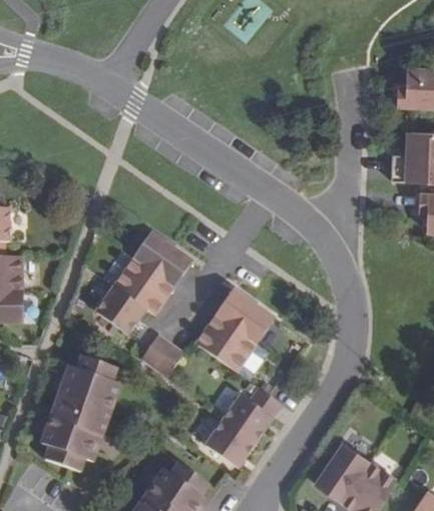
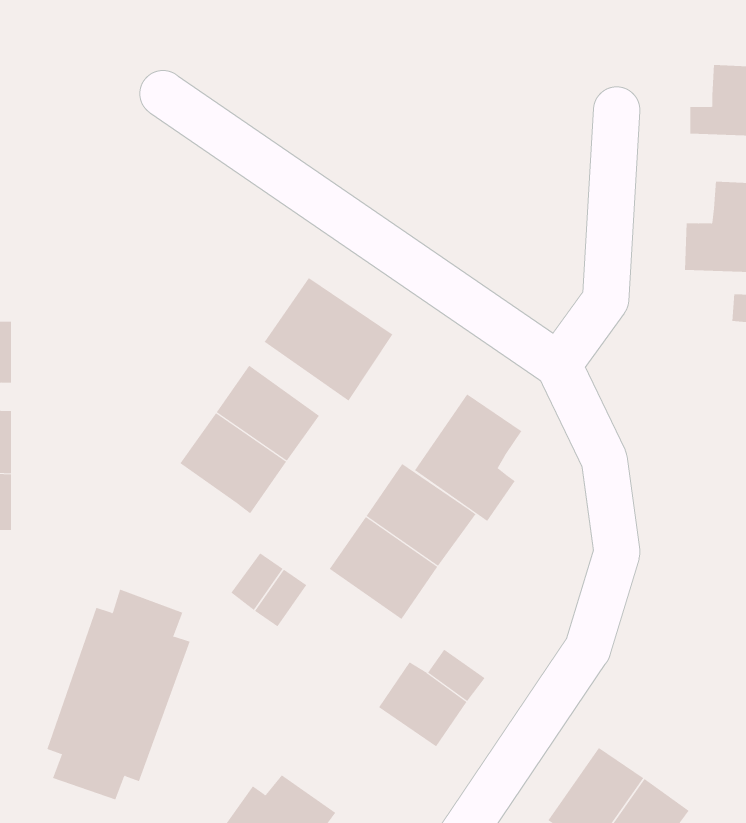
building: none -> [264,277,393,401]
building: none -> [414,394,522,522]
building: [95,287,144,334] -> none
building: [204,421,255,468] -> none

